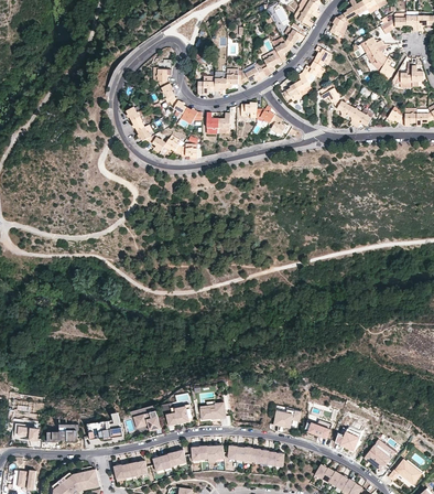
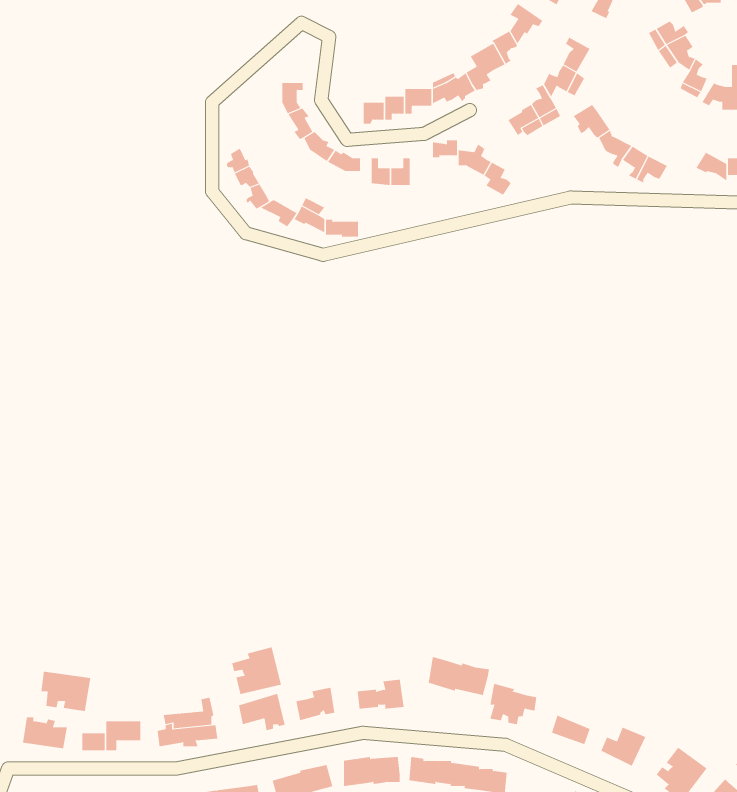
building: none -> [232,647,282,695]
building: none -> [428,656,489,696]
building: none -> [41,671,91,712]

